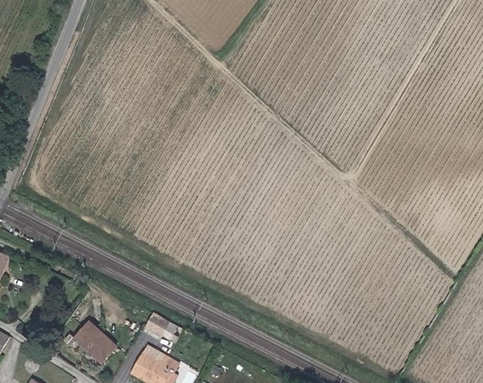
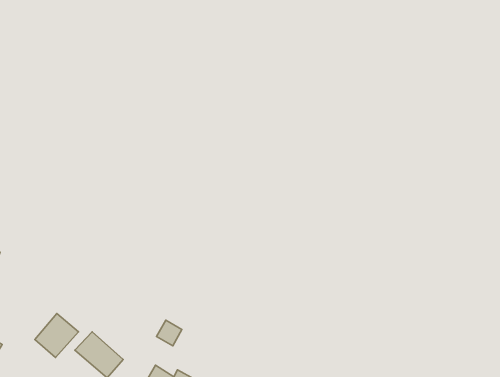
building: none -> [35,314,79,358]

